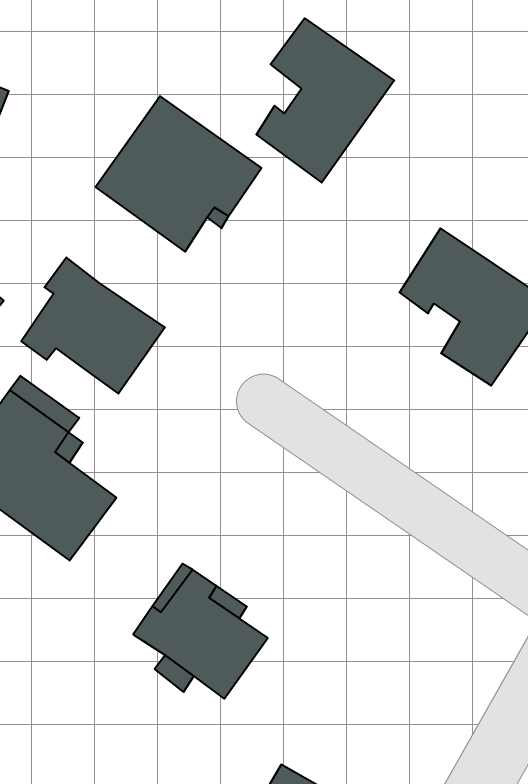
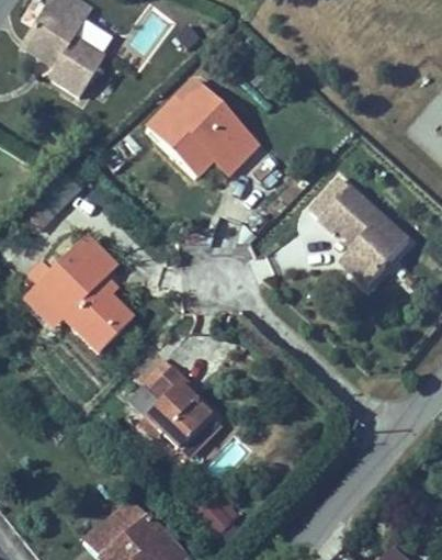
building: [256,18,394,183] -> none
building: [21,257,165,394] -> none

